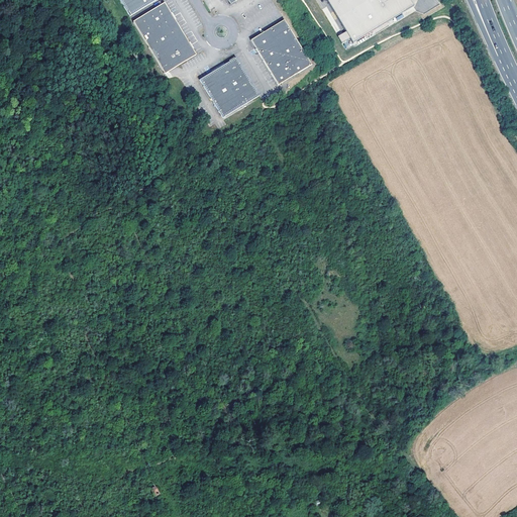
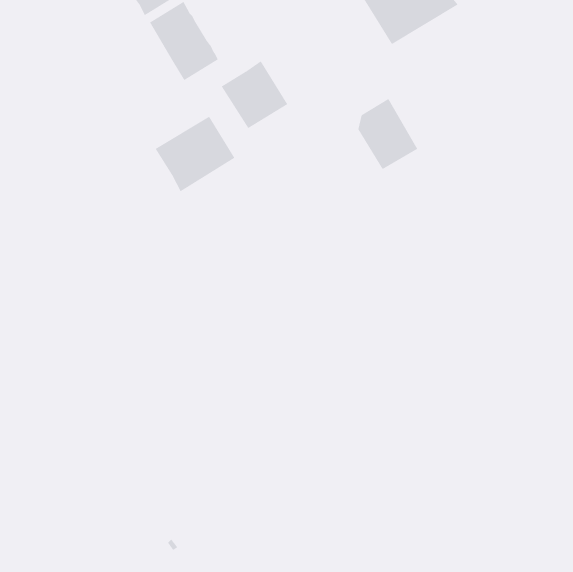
building: [255,17,310,82] -> [357,98,418,170]
building: none -> [155,116,235,192]

